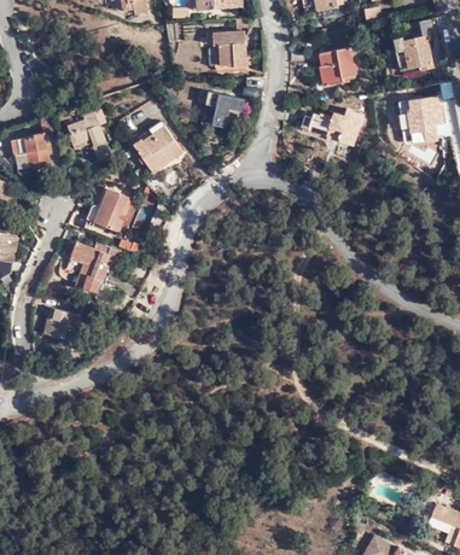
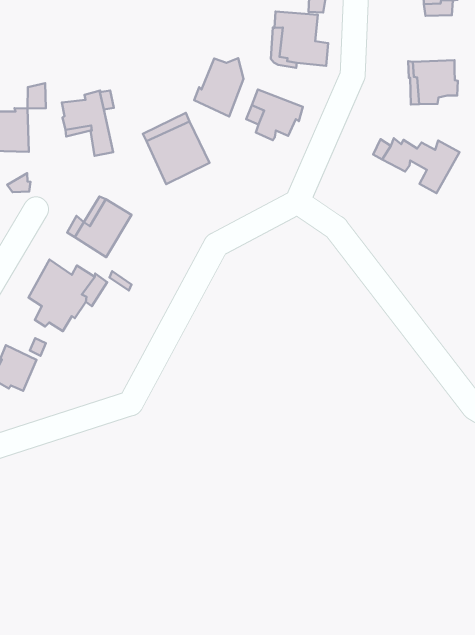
building: none -> [194,58,243,117]

